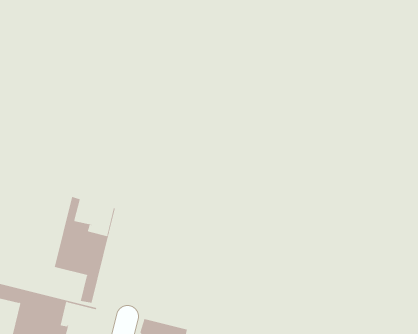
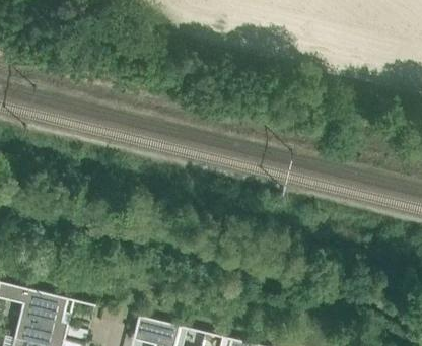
building: [54,196,116,303] -> none

